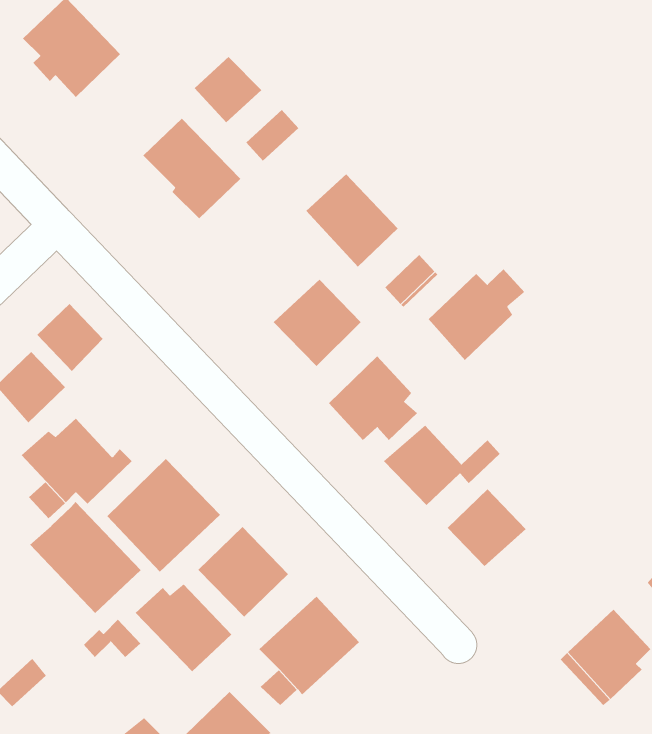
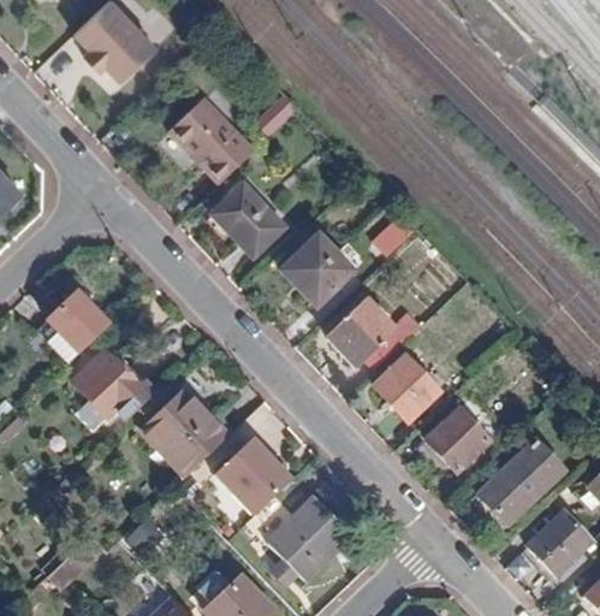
building: [194,56,262,123] -> none
building: [306,173,398,267] -> [208,179,285,257]
building: [428,268,525,361] -> none
building: [36,303,104,372] -> none
building: [29,501,141,614] -> none
building: none -> [476,437,562,522]
building: [135,583,232,672] -> none

